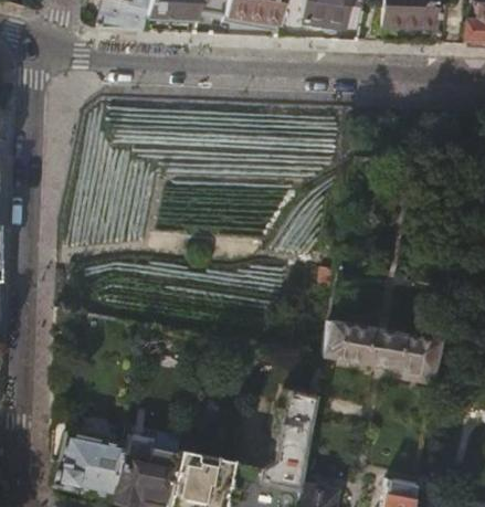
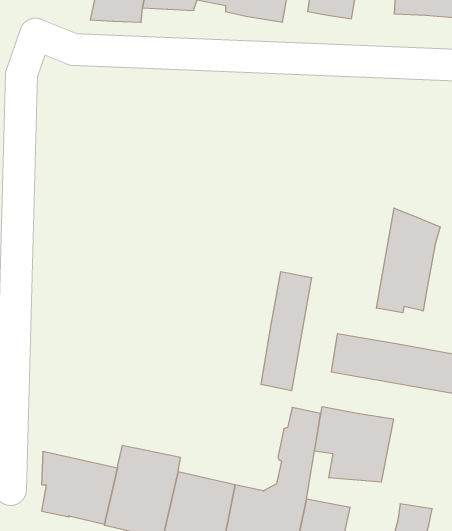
building: none -> [377,208,440,313]
building: none -> [261,272,311,391]
building: none -> [314,407,394,482]

